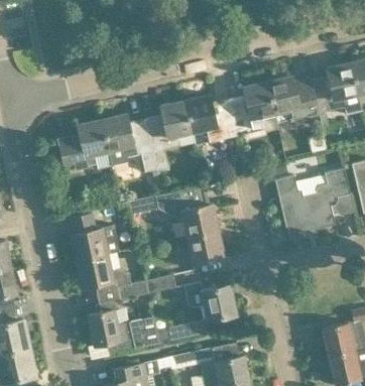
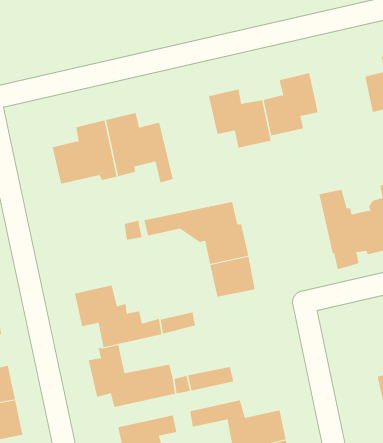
building: [268,76,319,119] -> none
building: [146,100,193,167] -> none
building: [71,214,120,260] -> none
building: [184,280,237,320] -> none

